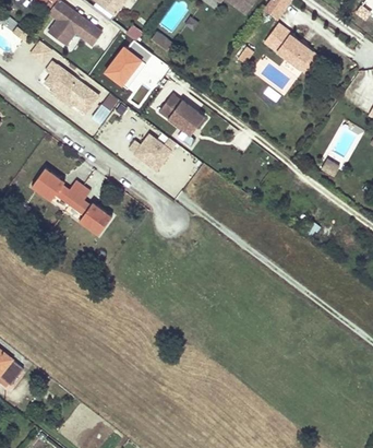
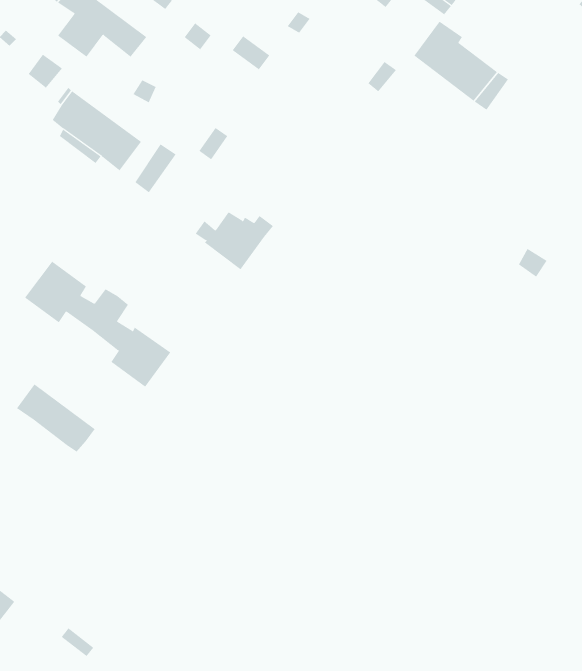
building: [105,47,143,87] -> none
building: [159,90,204,132] -> none
building: none -> [16,383,95,452]

